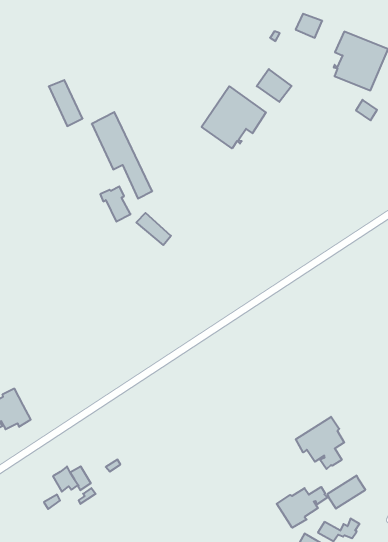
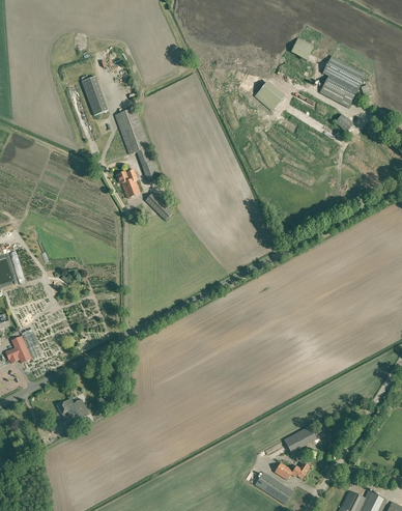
building: [202,86,266,148] -> none
building: [296,417,344,469] -> none
building: [277,487,327,528] -> none

